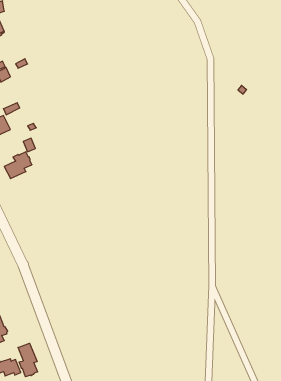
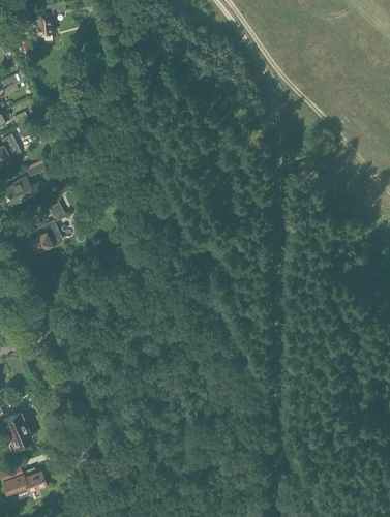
building: [18,343,38,377] -> none

